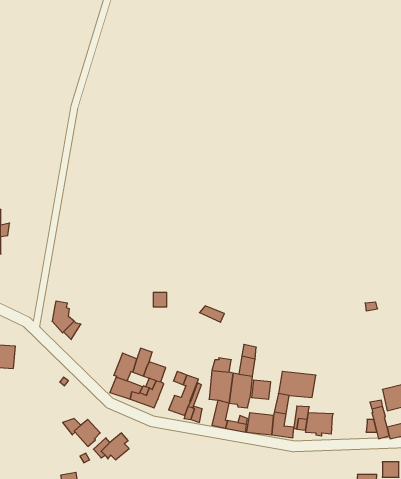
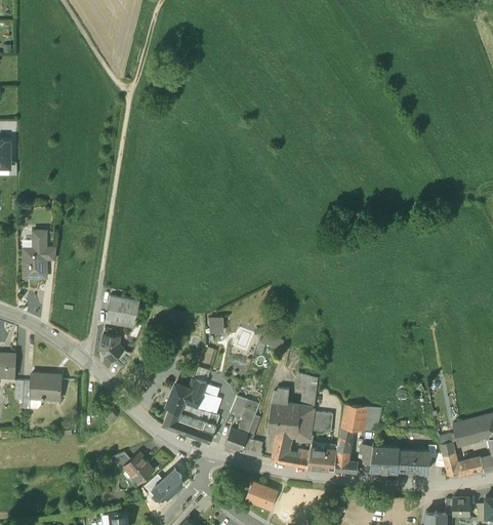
building: none -> [105,294,139,326]
building: none -> [398,450,429,470]
building: none -> [245,481,278,508]

